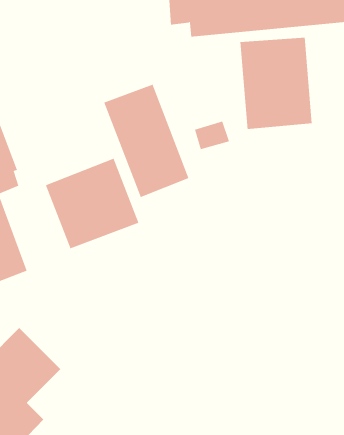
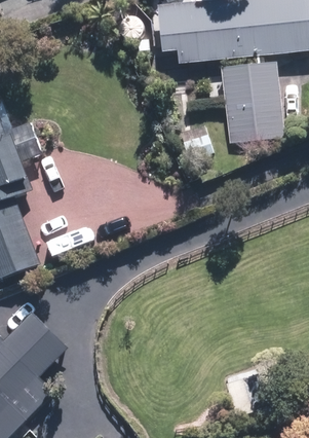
building: [104,84,189,198] -> none
building: [45,158,139,249] -> none

